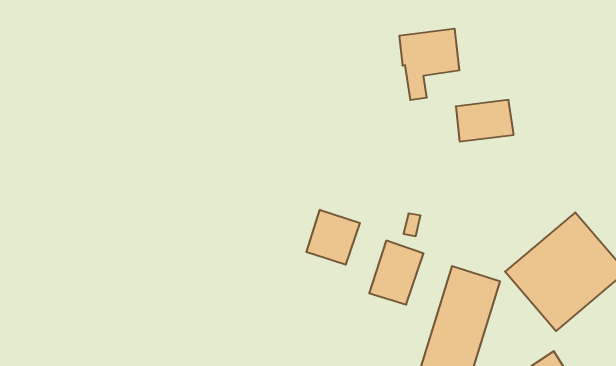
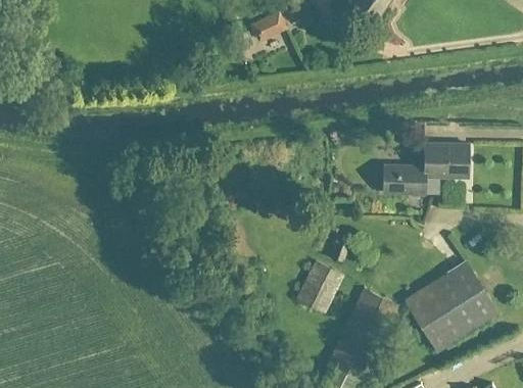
building: [399,29,460,100] -> [424,143,469,194]
building: [306,210,360,265] -> none

